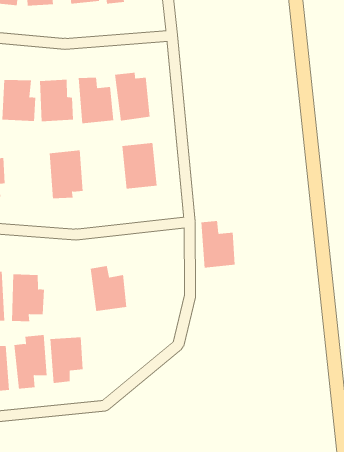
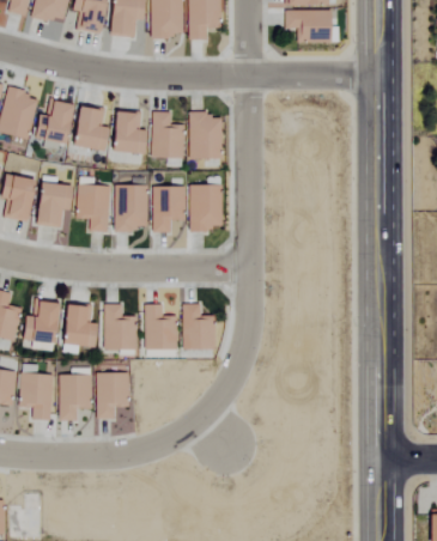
building: none -> [152,186,184,232]
building: none -> [75,177,109,231]
building: [200,221,235,268] -> [183,303,217,349]
building: none -> [104,304,136,349]

